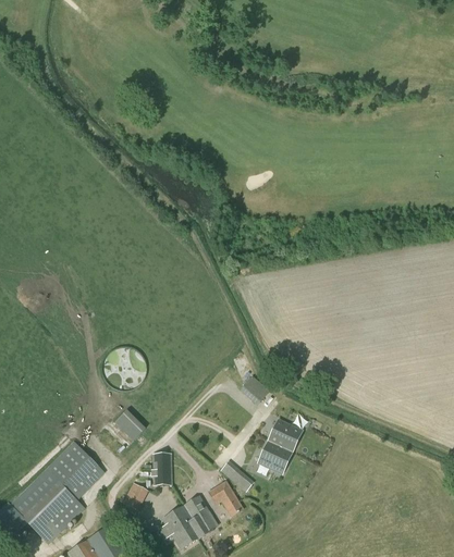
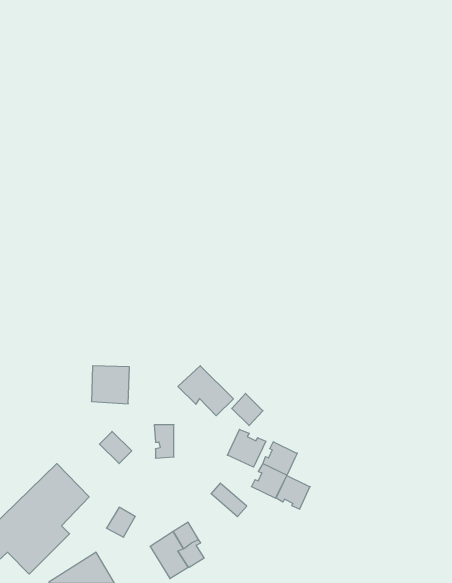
building: none -> [178,366,233,416]
building: none -> [227,429,266,467]
building: none -> [276,475,310,509]
building: [151,454,170,485] -> [154,425,174,458]
building: [206,481,243,518] -> none

